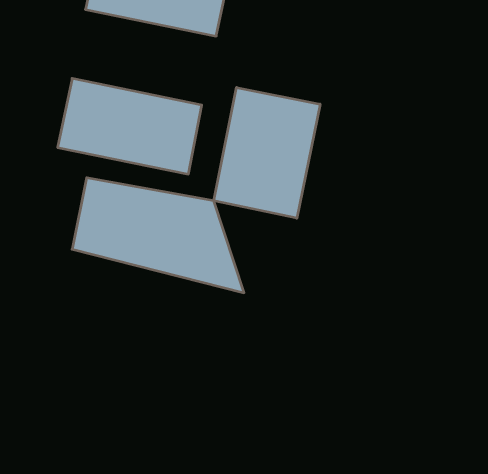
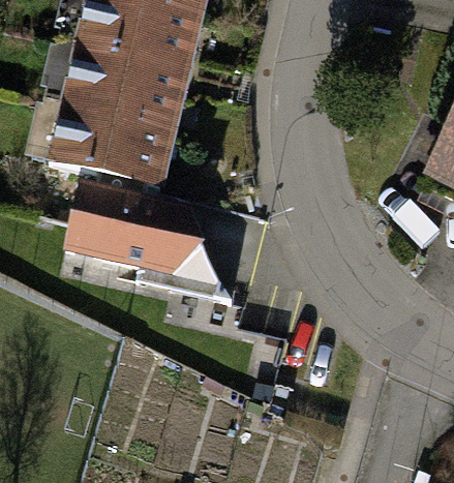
building: none -> [66,44,189,126]
building: [214,87,320,218] -> none

